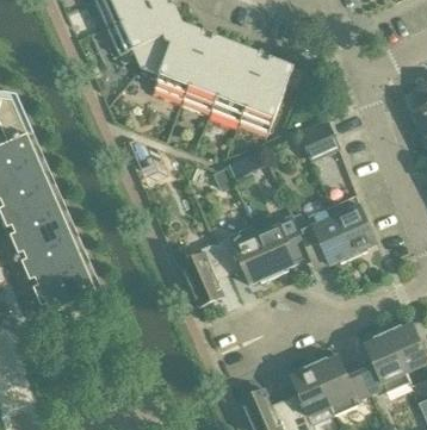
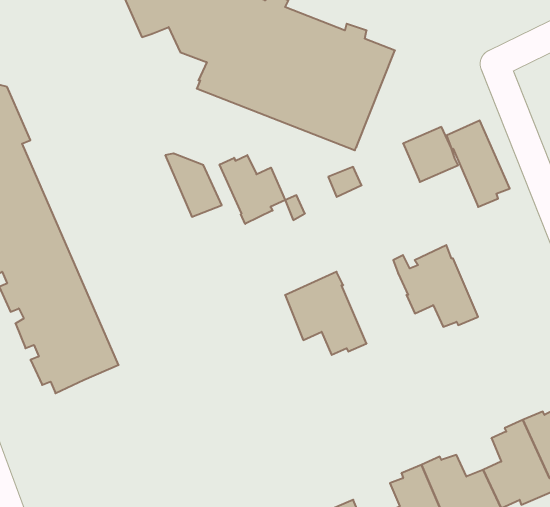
building: none -> [220,155,285,224]
building: [330,195,376,257] -> [446,120,510,207]
building: [255,213,308,276] -> none
building: [179,242,228,306] -> none

